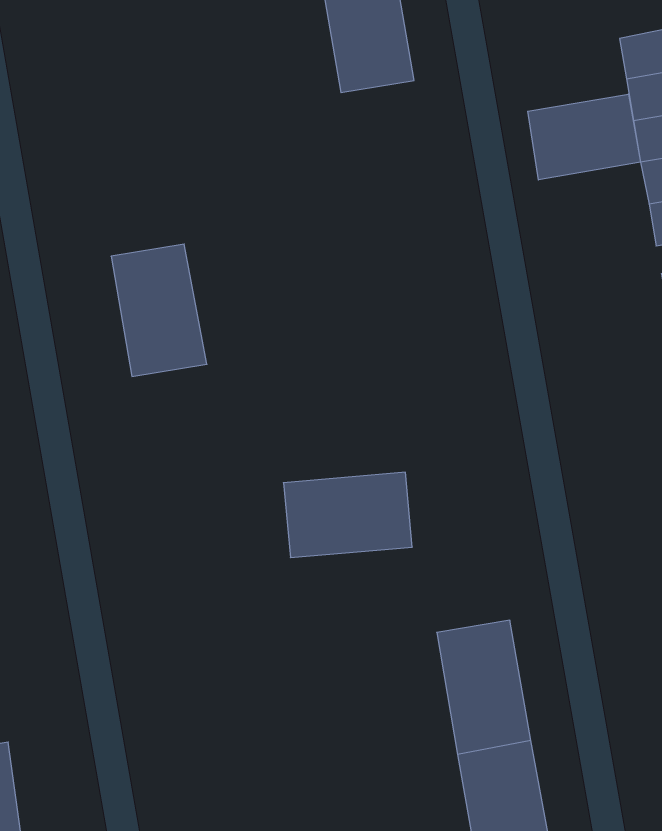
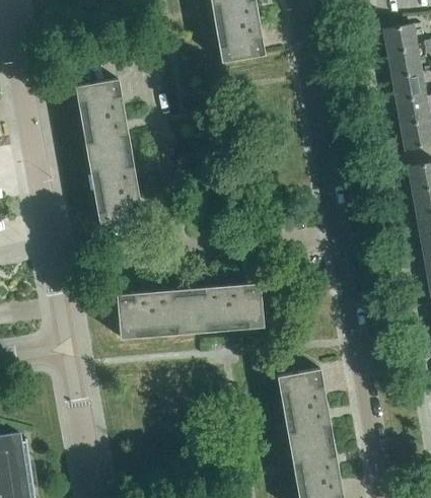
building: [528,94,640,180] -> none
building: none -> [75,79,130,157]
building: none -> [117,289,192,338]

